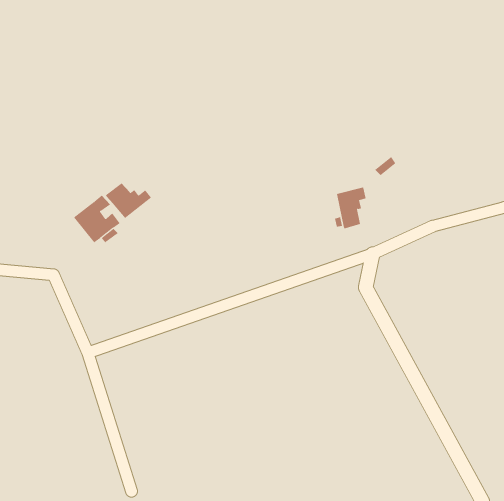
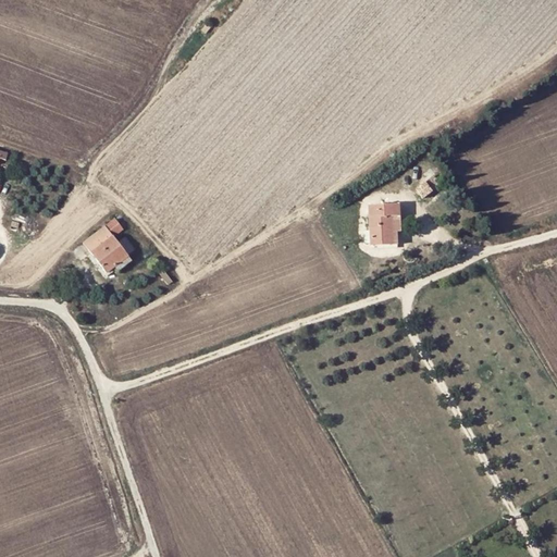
building: [105,183,152,219] -> none

